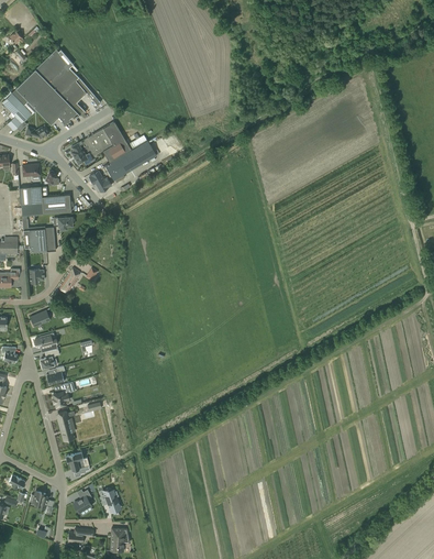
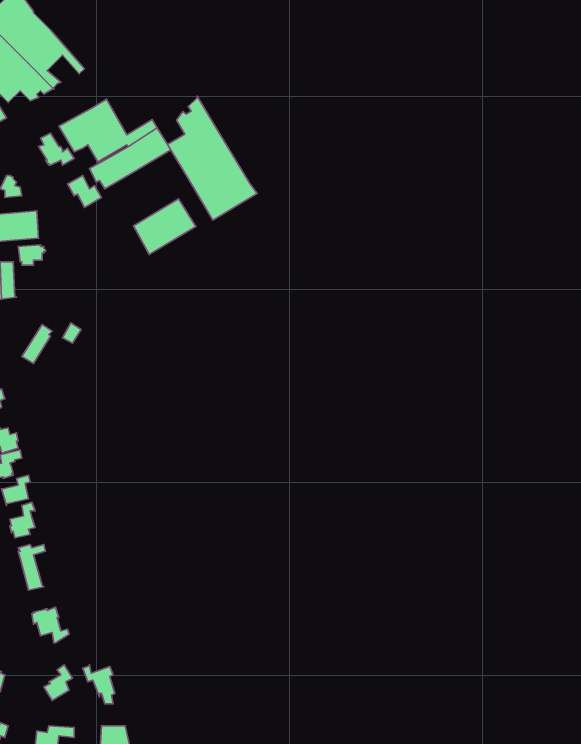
building: none -> [168,96,257,220]
building: none -> [134,199,196,254]

